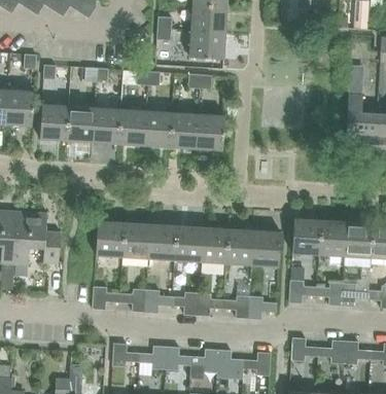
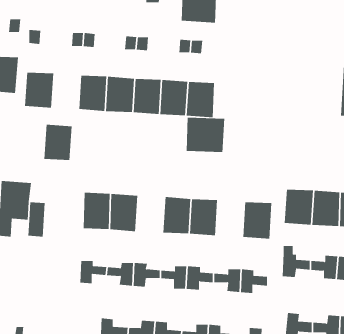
building: [67,107,95,142] -> [44,124,72,160]
building: none -> [186,117,225,153]
building: [148,225,176,261] -> none
building: [225,229,253,265] -> none

